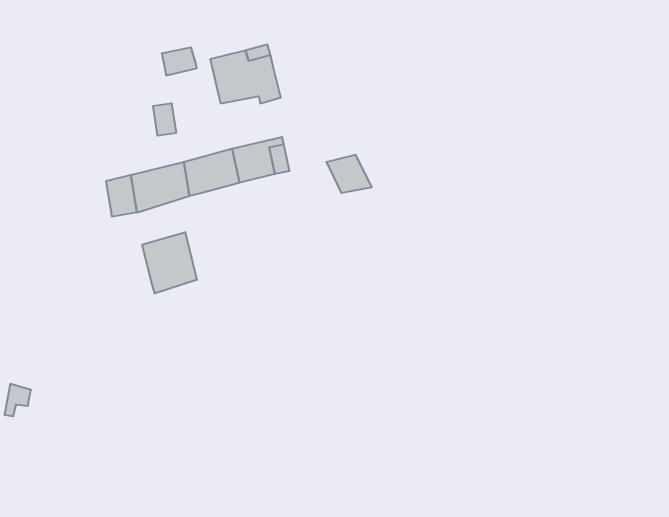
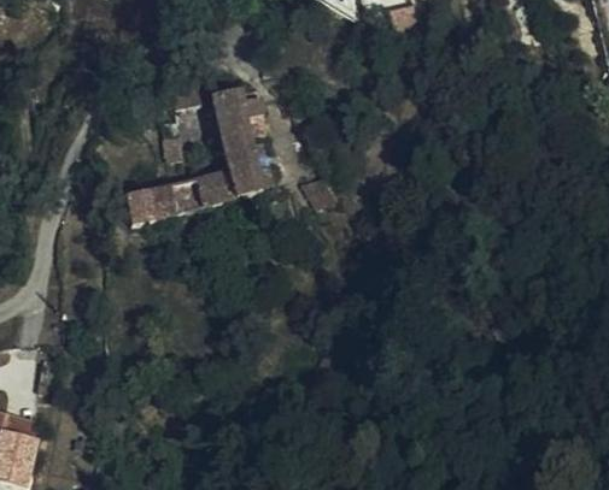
building: none -> [216,126,267,170]
building: [142,232,197,294] -> none

